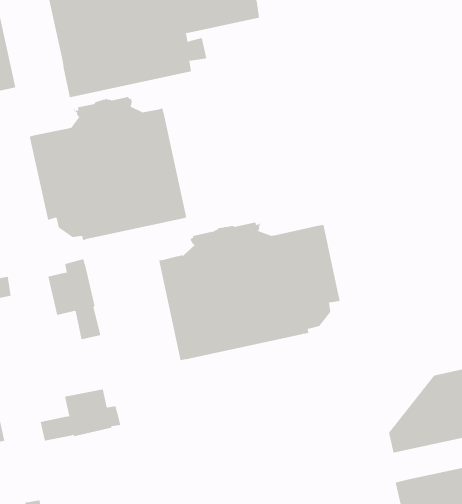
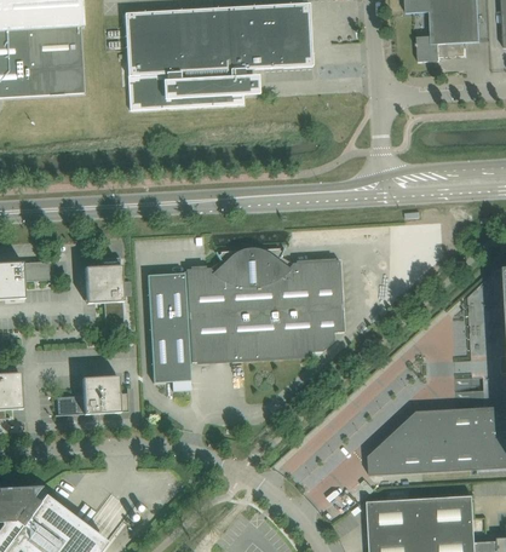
building: [29,95,187,241] -> none
building: none -> [148,271,191,381]

